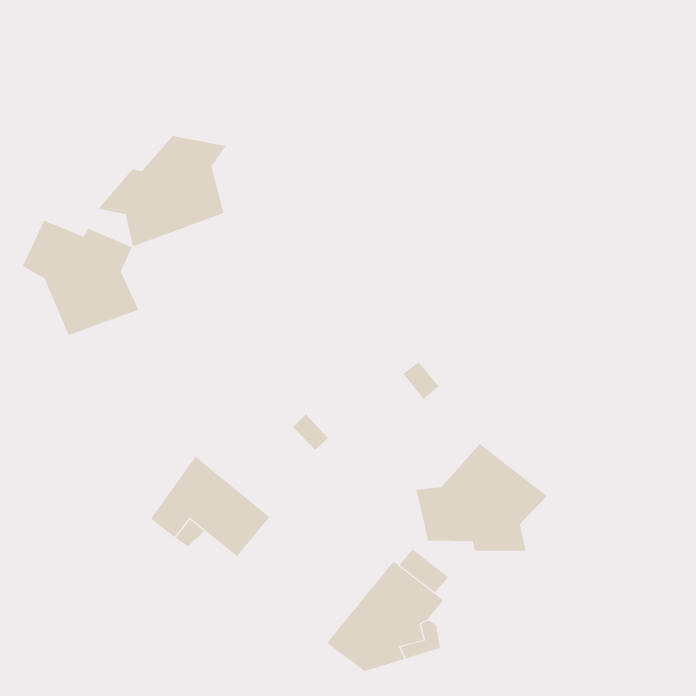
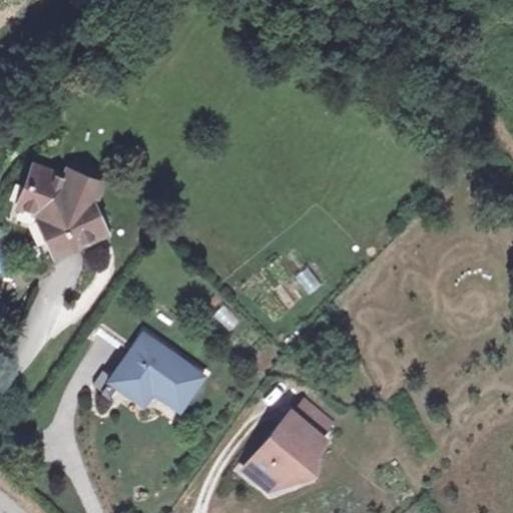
building: [98,135,227,247] -> none
building: [416,443,548,552] -> none

